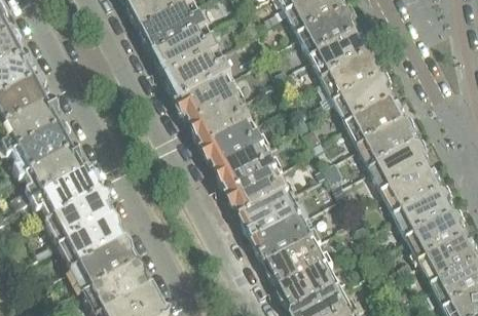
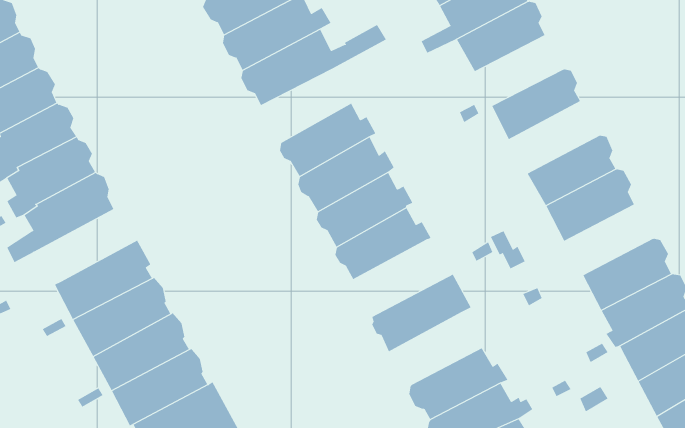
building: [323,52,382,100] -> none
building: [177,75,245,124] -> none
building: [345,96,406,145] -> none
building: [382,165,442,212] -> none
building: [29,167,98,216] -> none
building: [241,189,308,240] -> none
building: [266,237,333,285] -> none

